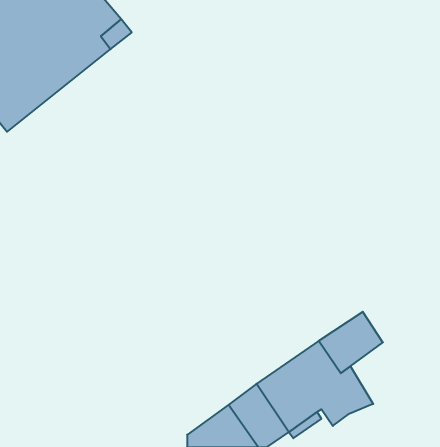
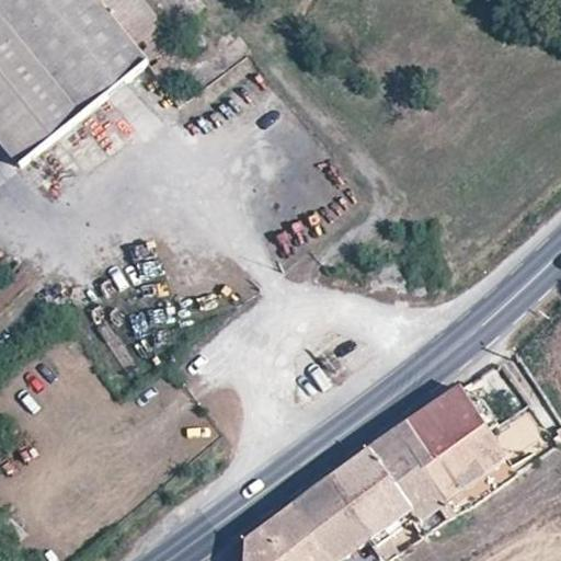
building: none -> [437,427,508,504]

